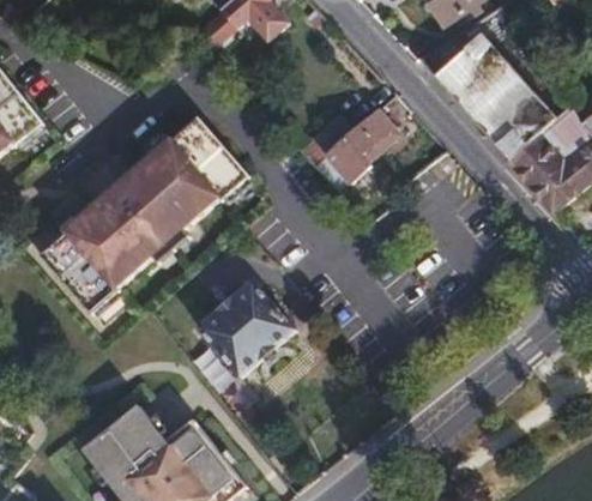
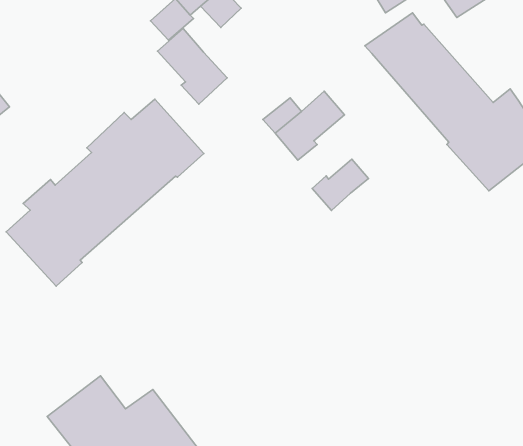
building: none -> [158,28,227,104]
building: none -> [312,159,368,210]
building: [197,282,294,379] -> none

